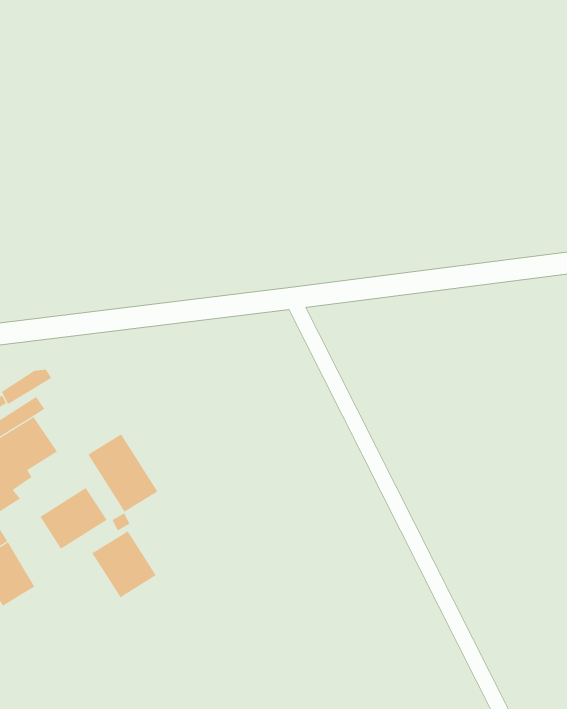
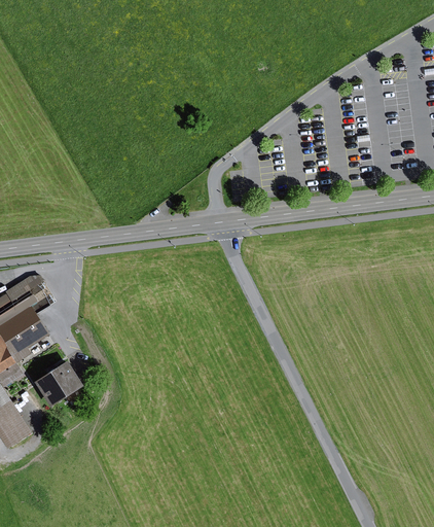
building: [87,433,158,513] -> none
building: [92,530,157,598] -> none

